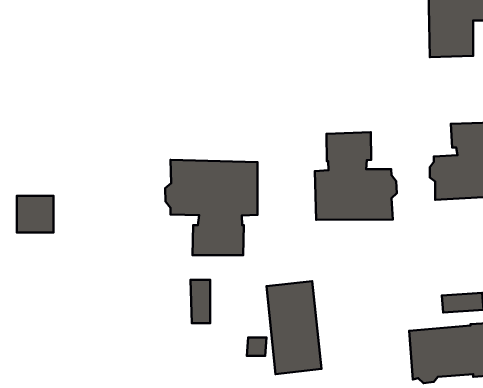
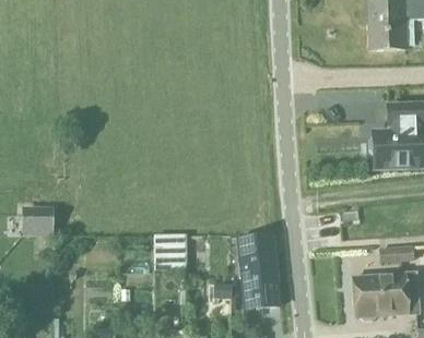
building: [315,132,397,220] -> none
building: [165,160,258,255] -> none
building: [17,196,54,232] -> [23,205,54,236]

